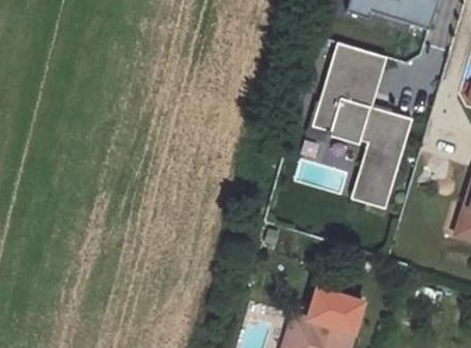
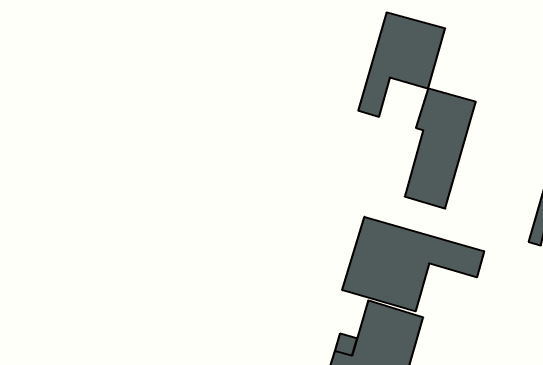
building: [328,97,370,144] -> none
building: none -> [342,217,484,311]

